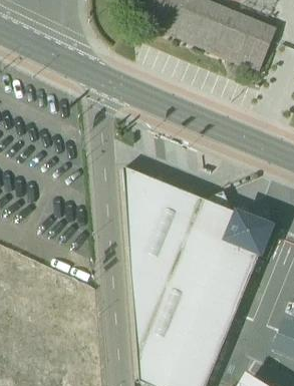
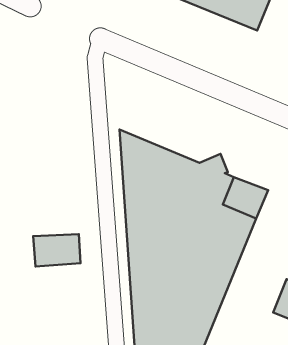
building: none -> [33,234,80,266]

